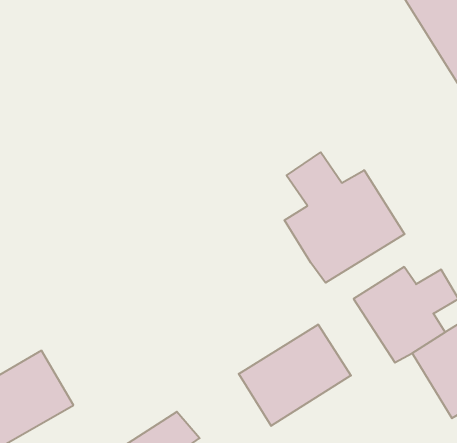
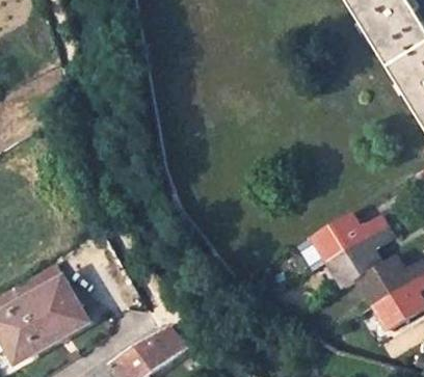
building: [284,152,405,283] -> none
building: [239,324,351,426] -> none

